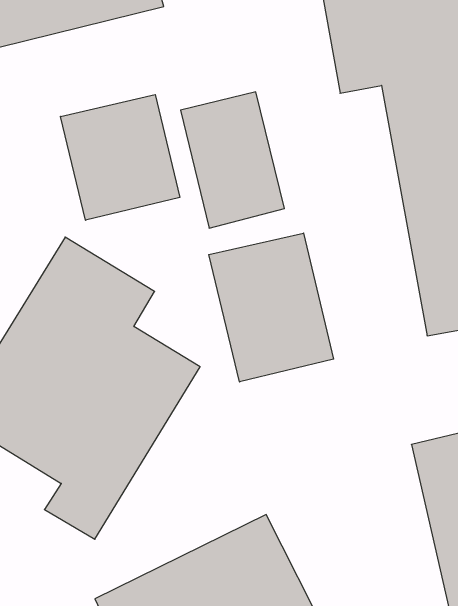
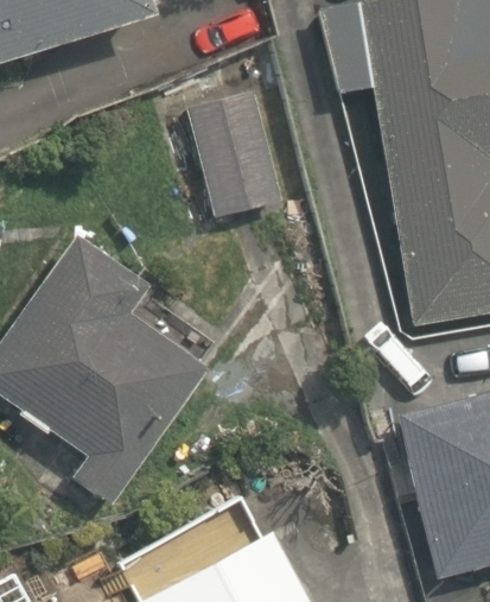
building: [60,95,180,220] -> none
building: [209,233,334,382] -> none

